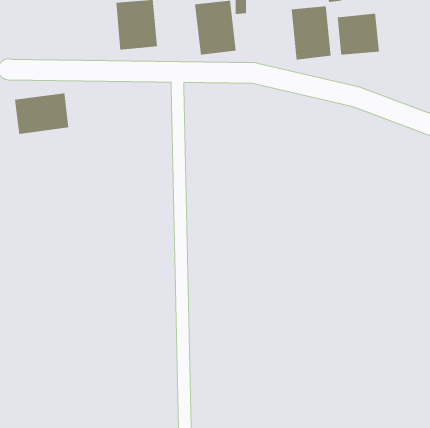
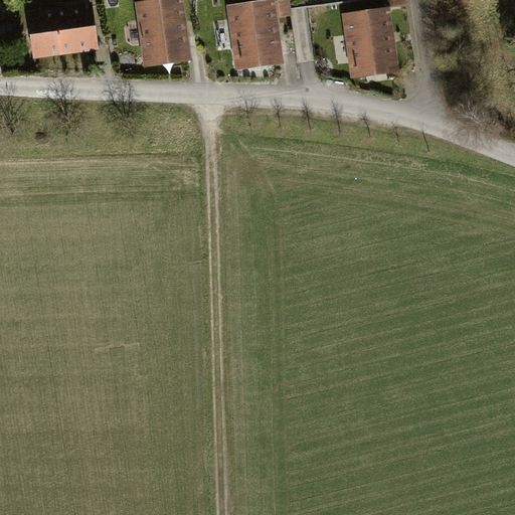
building: [337,13,379,56] -> none
building: [14,93,69,134] -> [28,5,94,54]

